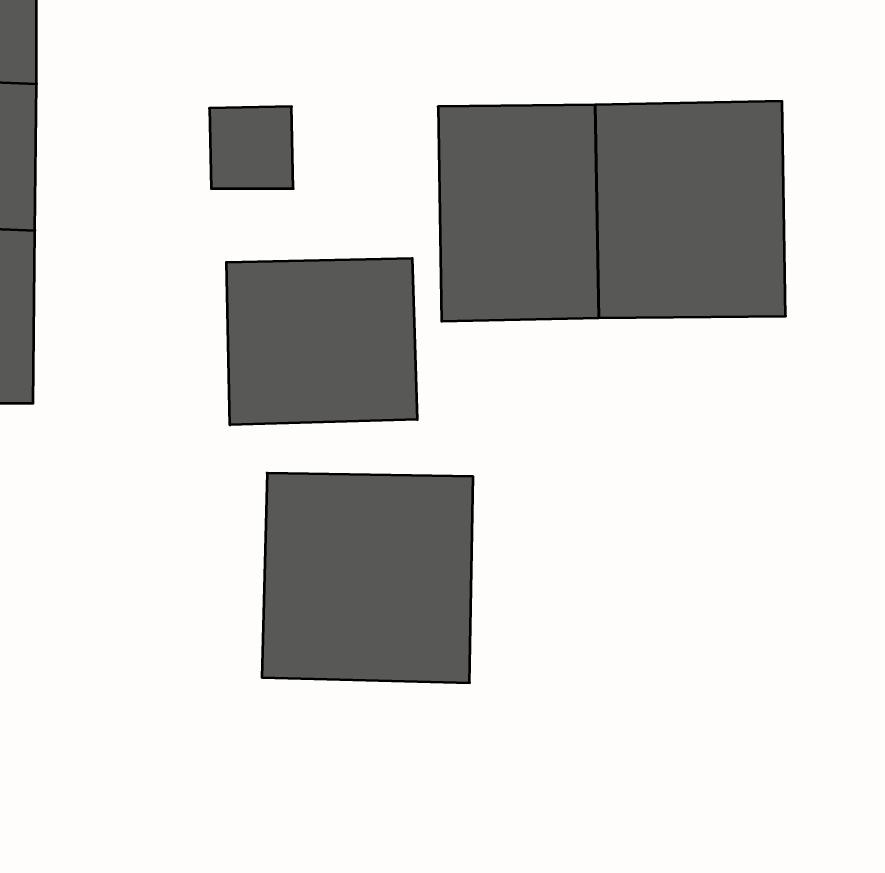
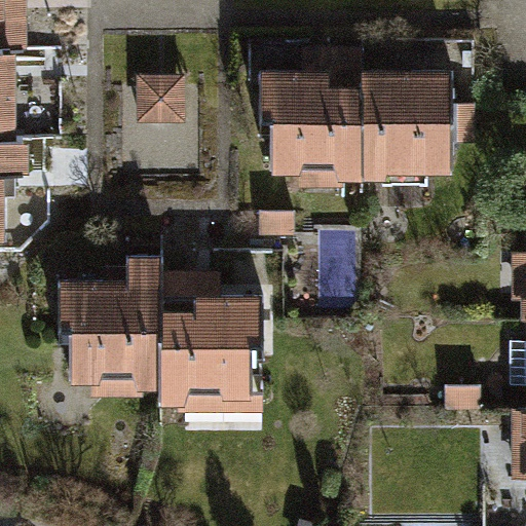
building: [226,258,417,425] -> none
building: none -> [45,276,157,399]

